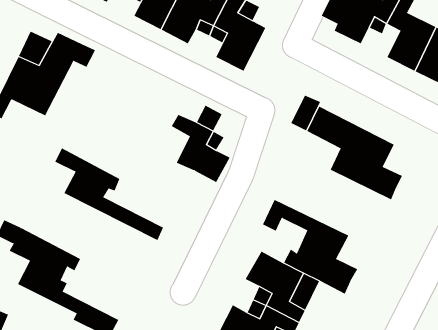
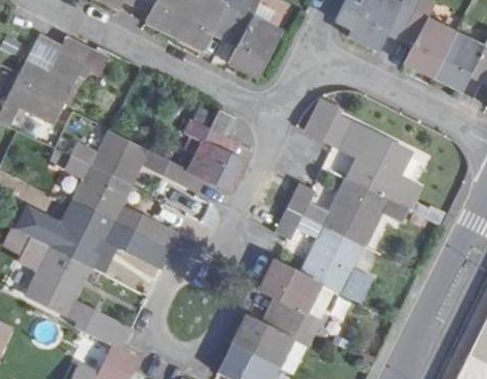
building: none -> [70,129,206,194]
building: none -> [288,177,408,244]
building: none -> [29,201,169,268]

